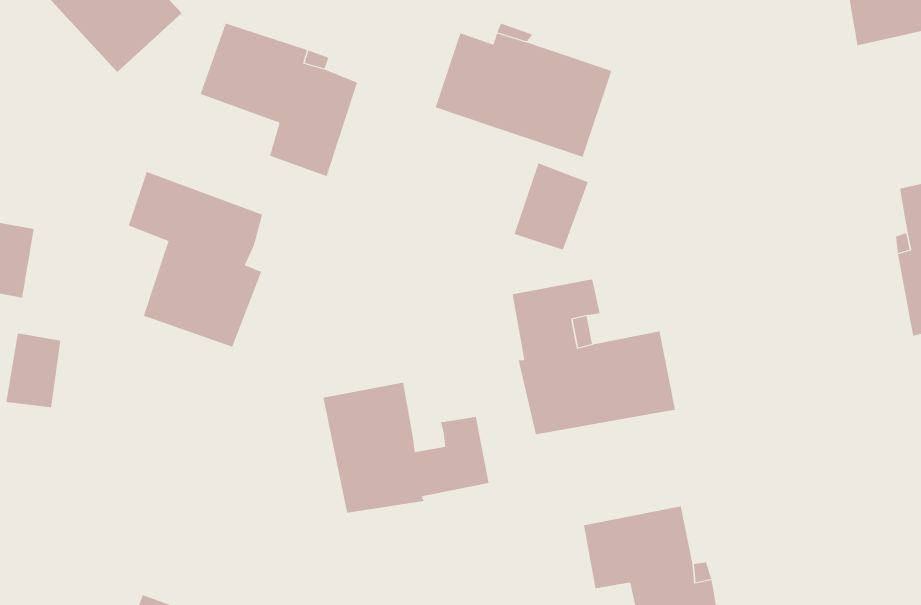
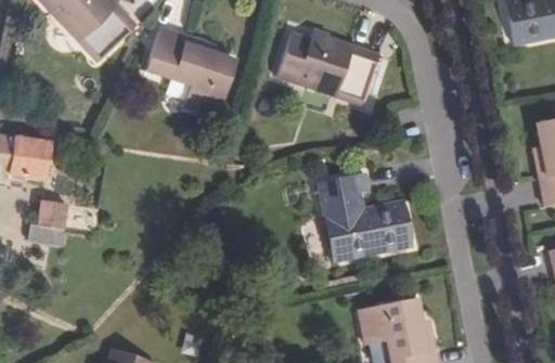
building: [514,163,588,251] -> none
building: [128,171,263,347] -> none
building: [323,382,489,514] -> none

